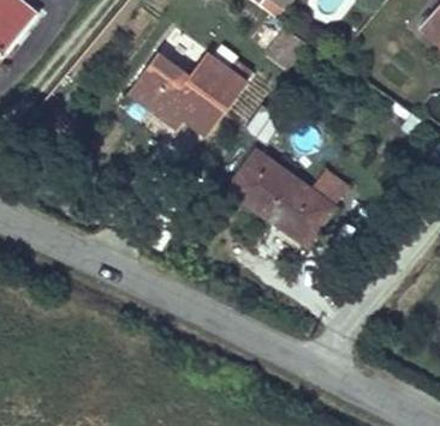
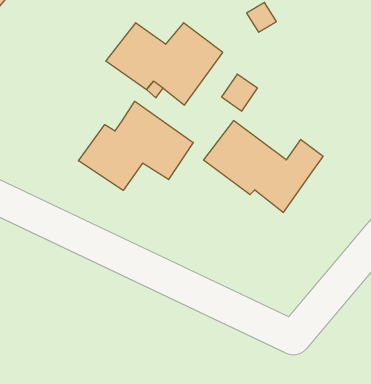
building: none -> [78,101,193,190]

